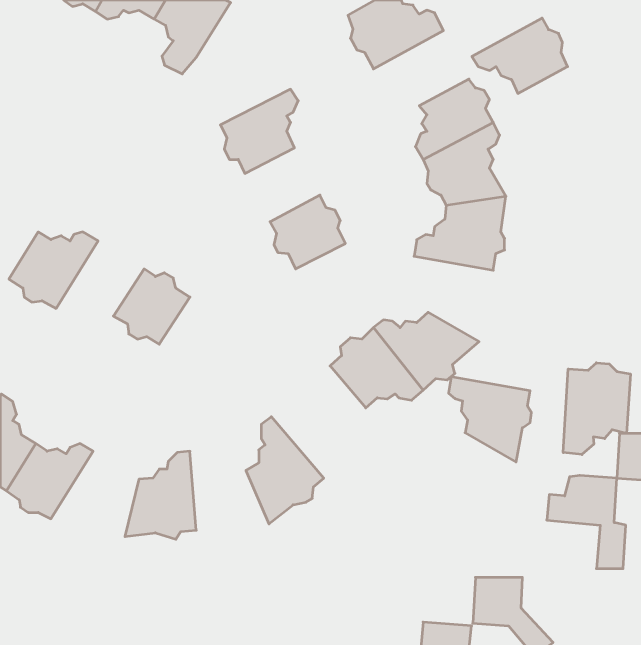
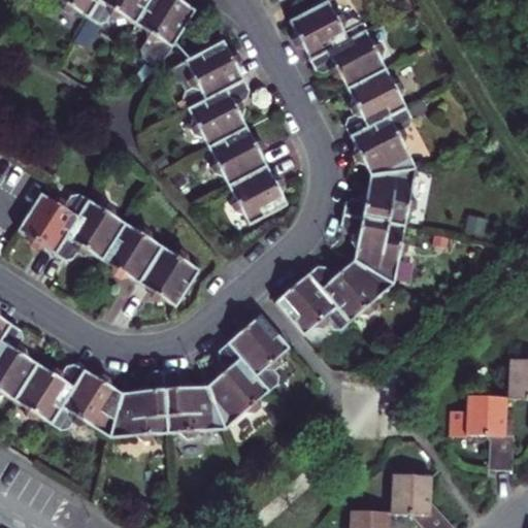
building: [472,18,568,93] -> [310,30,388,91]
building: none -> [166,37,243,106]
building: none -> [206,125,267,185]
building: none -> [54,200,125,261]
building: none -> [137,245,199,307]
building: [563,363,630,455] -> none
building: [449,377,531,462] -> [341,212,408,282]
building: none -> [228,314,292,392]
building: none -> [162,369,226,438]
building: none -> [50,370,121,439]

